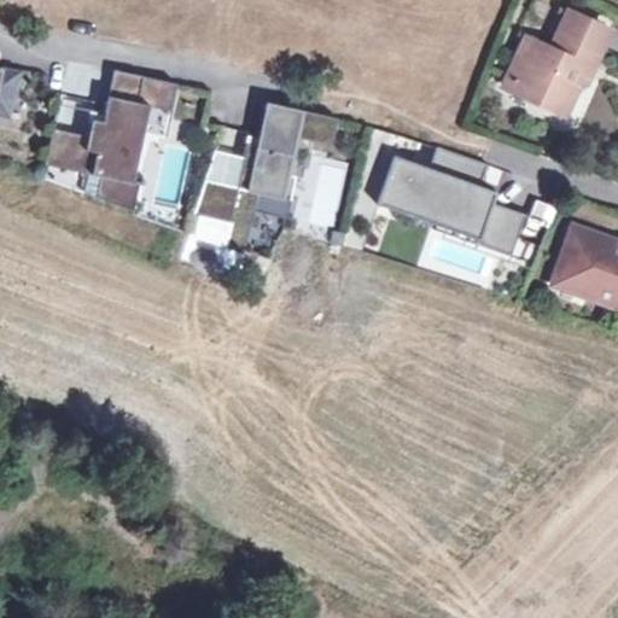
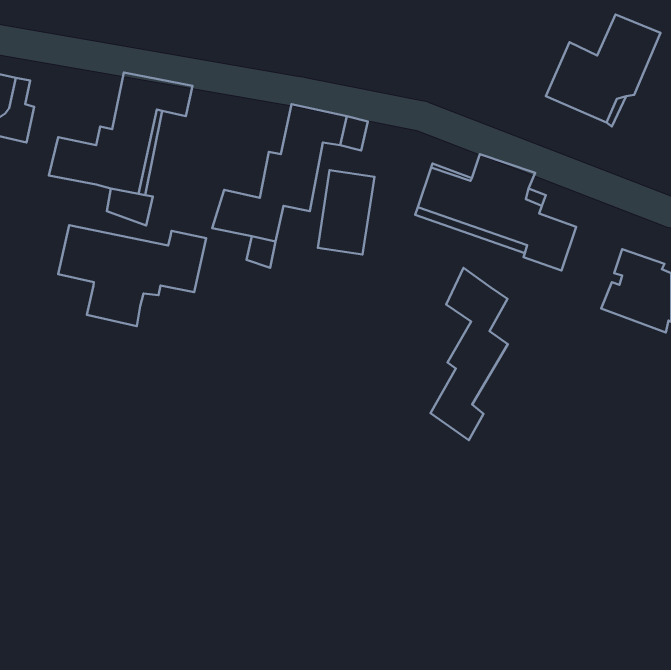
building: none -> [58,225,206,326]
building: none -> [430,268,508,440]

